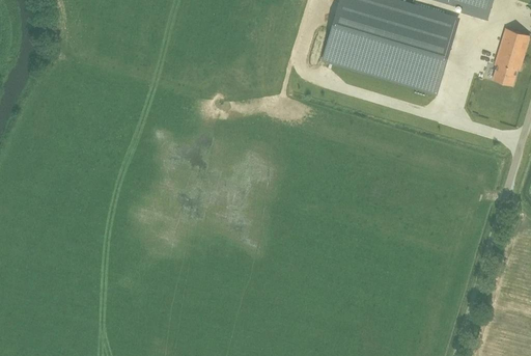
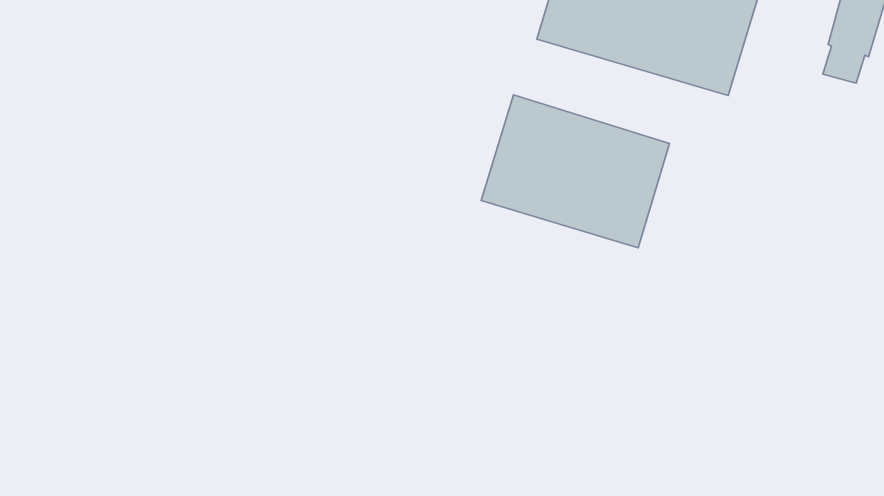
building: none -> [481,95,670,248]

